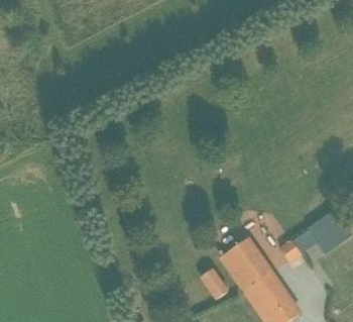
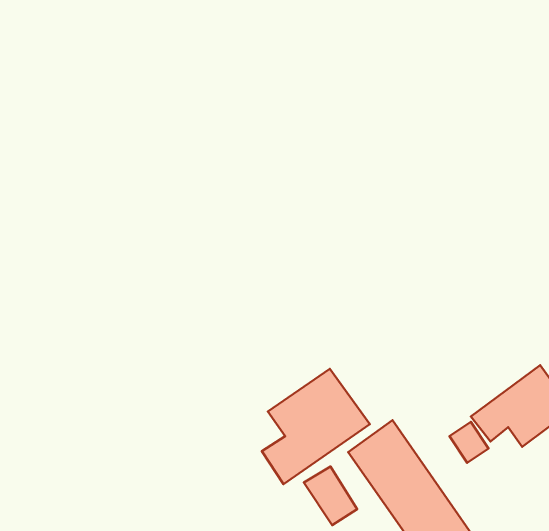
building: none -> [262,369,370,484]

